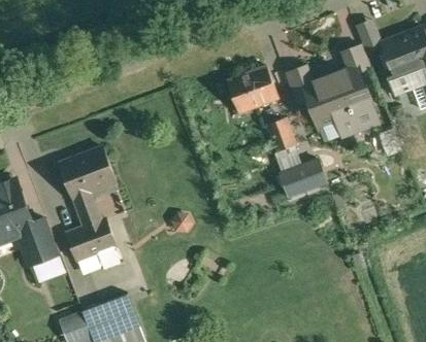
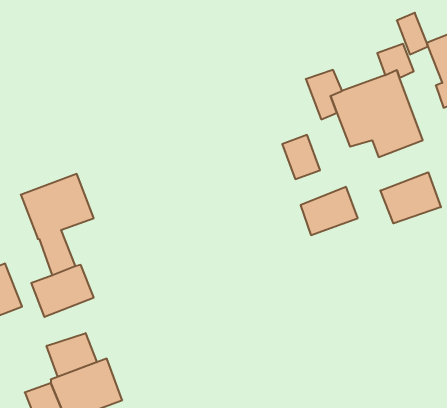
building: [227,66,278,113] -> none
building: none -> [380,172,441,223]
building: none -> [47,333,97,377]

